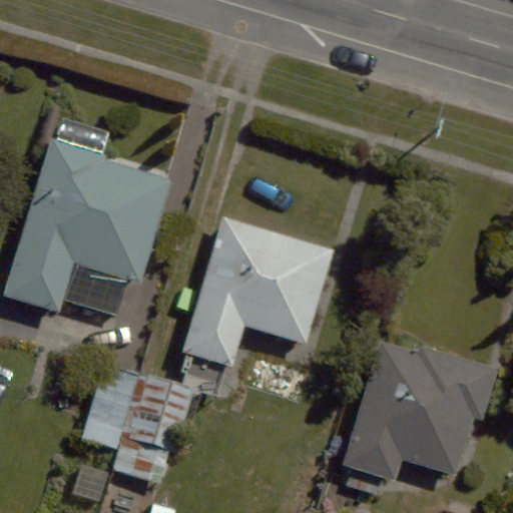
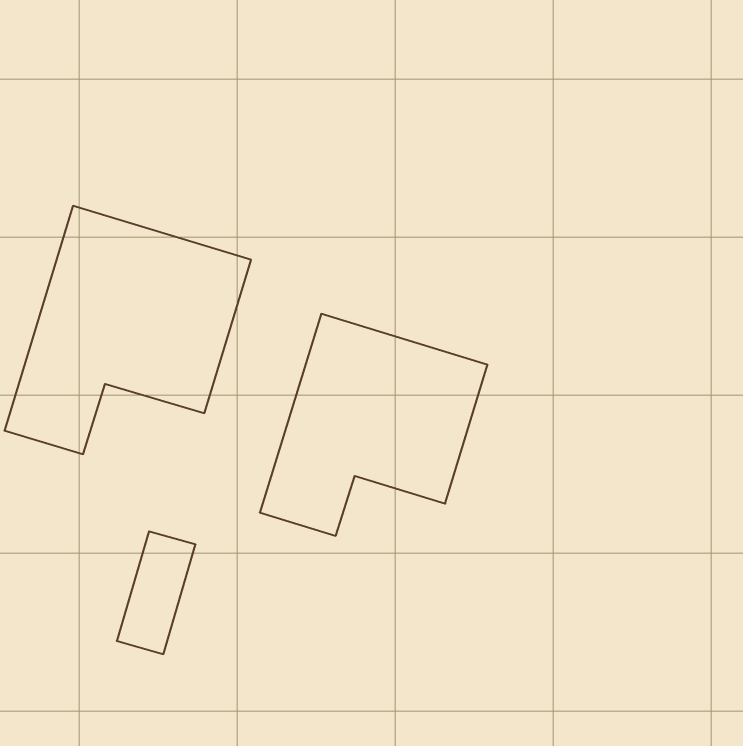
building: [343,343,497,479] -> none
building: [112,374,192,482] -> none

